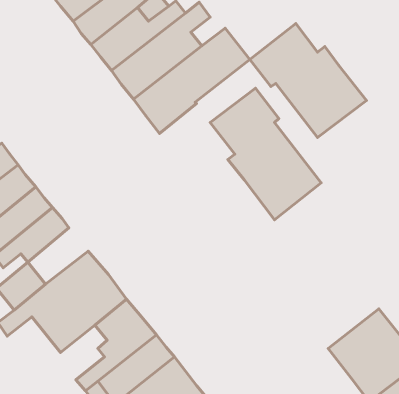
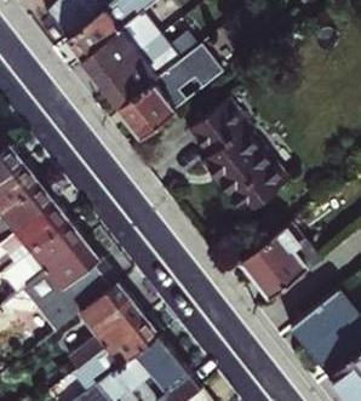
building: [250,24,367,137] -> none
building: none -> [27,220,80,270]
building: none -> [240,222,320,298]

